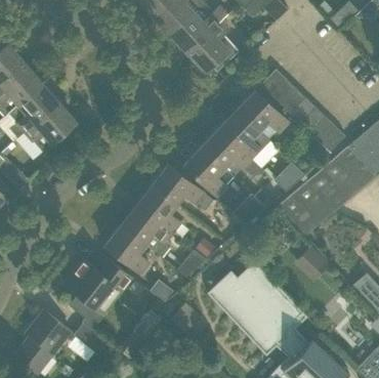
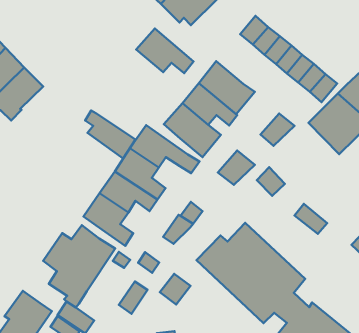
building: [237,90,289,133] -> [136,29,193,73]
building: none -> [85,110,136,159]
building: [279,171,345,237] -> none

